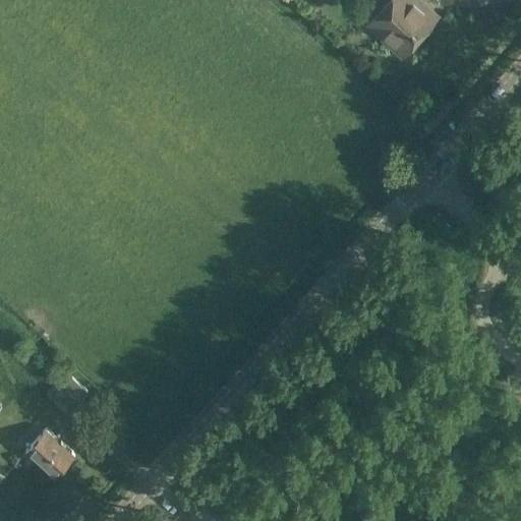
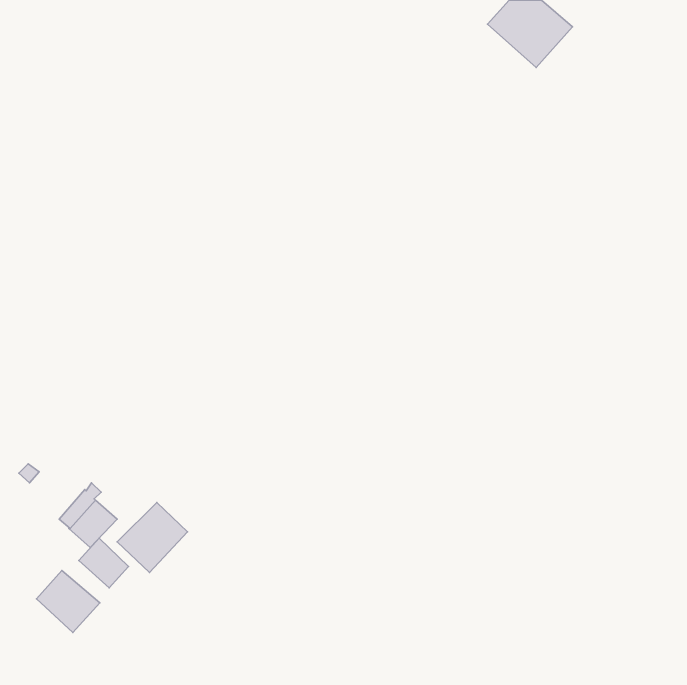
building: none -> [117,502,188,572]
building: none -> [79,538,129,588]

